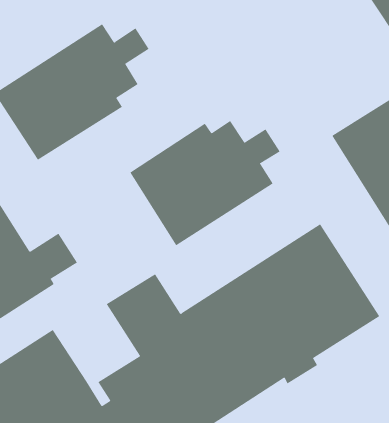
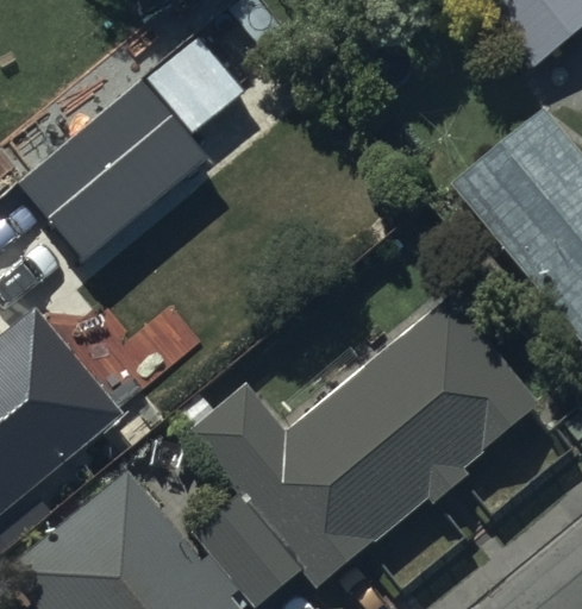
building: [129,120,281,246] -> none

